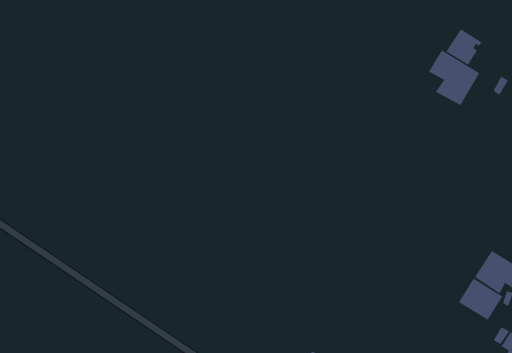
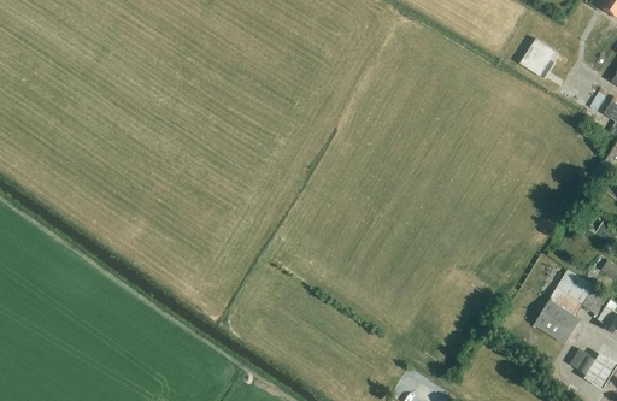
building: [428,49,480,106] -> none

